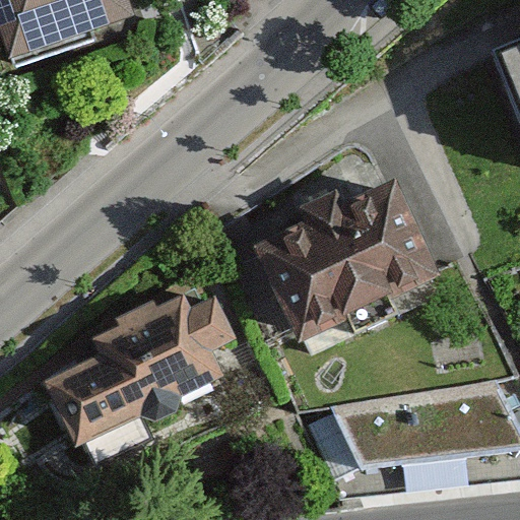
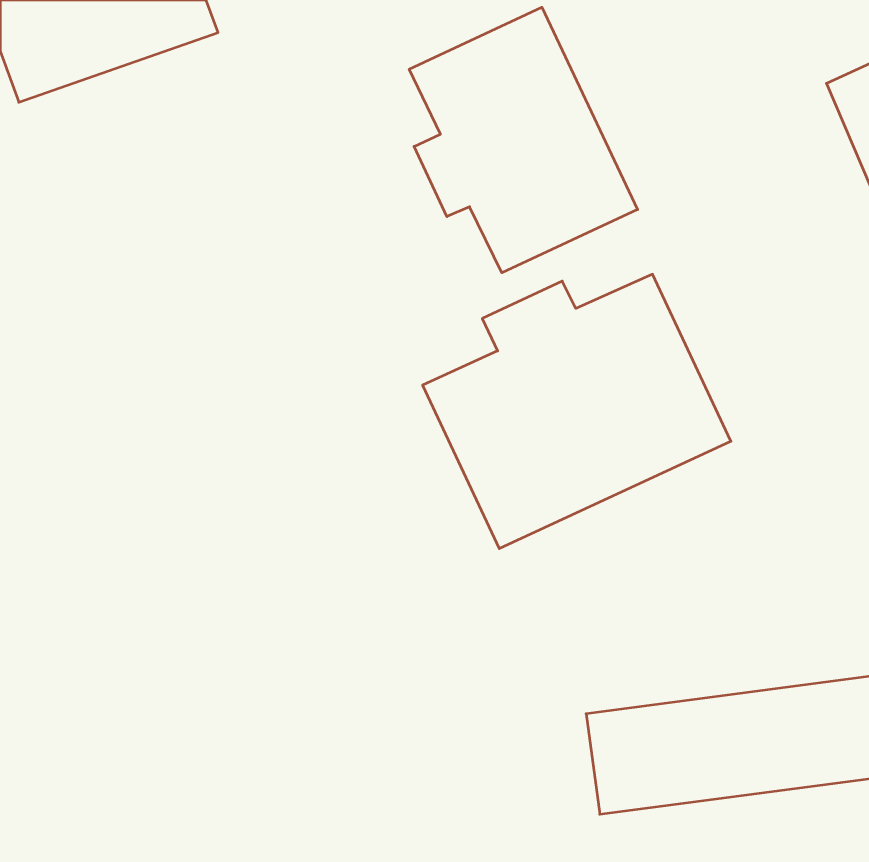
building: none -> [409,7,638,273]
building: [44,285,238,453] -> none

